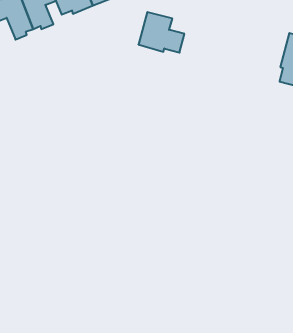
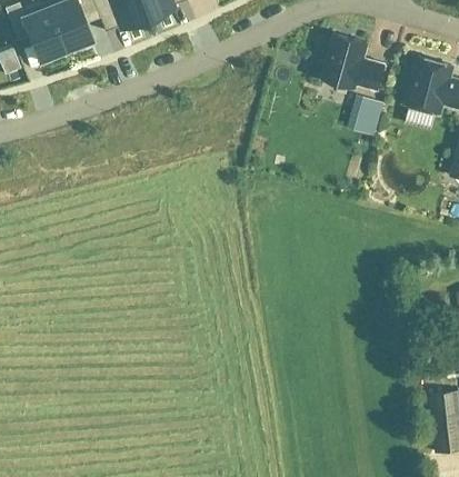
building: [138,12,184,53] -> [321,34,385,90]
building: none -> [355,97,383,129]

